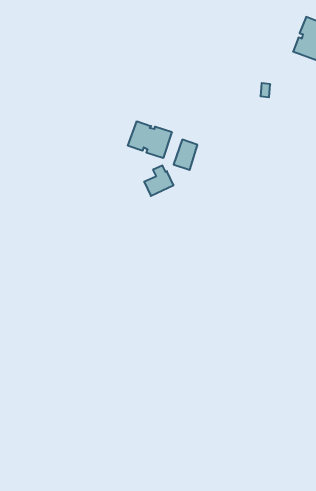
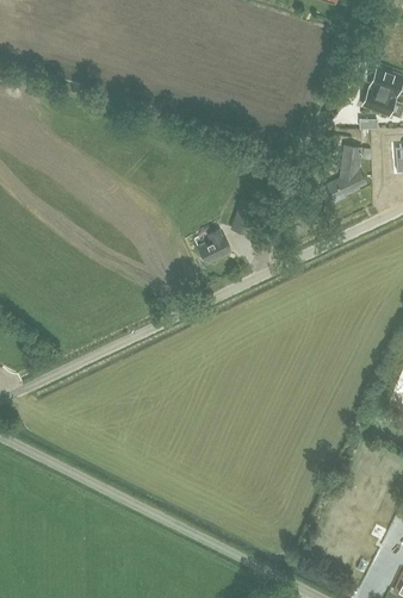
building: none -> [327,150,365,200]
building: [128,121,172,158] -> none

